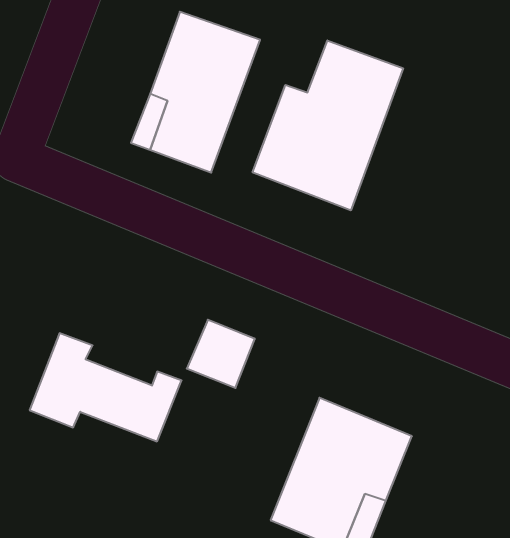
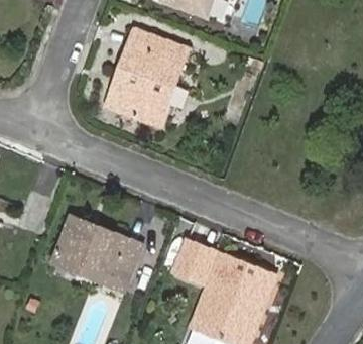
building: [253,40,403,210] -> none
building: [187,320,255,388] -> [174,240,214,279]

